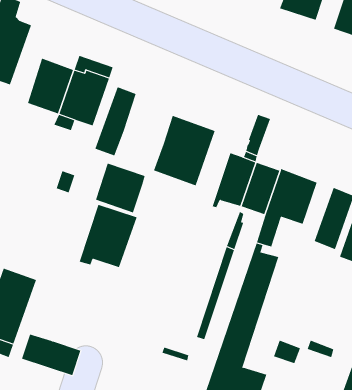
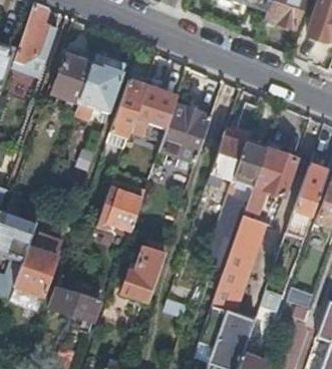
building: [95,163,145,213] -> [135,85,178,127]
building: none -> [121,247,164,302]

